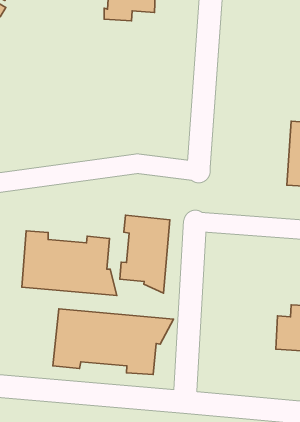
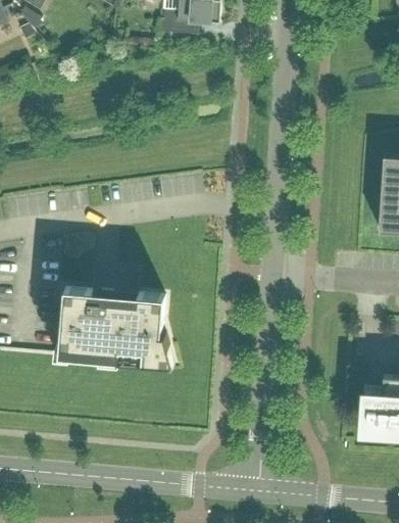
building: [120,215,170,293] -> none
building: [53,309,173,375] -> none

